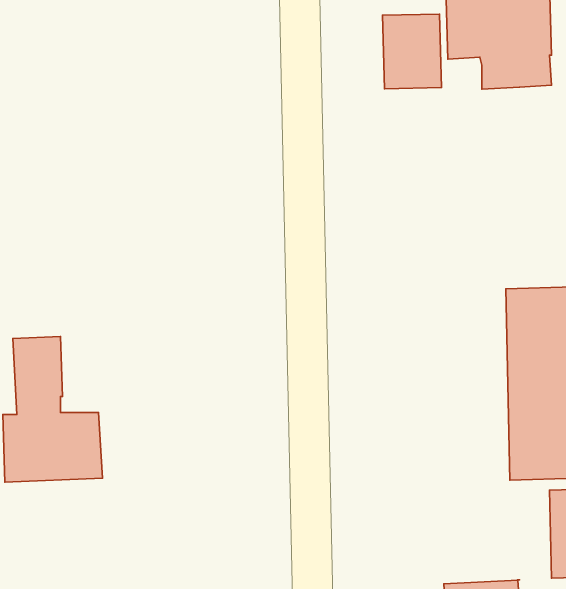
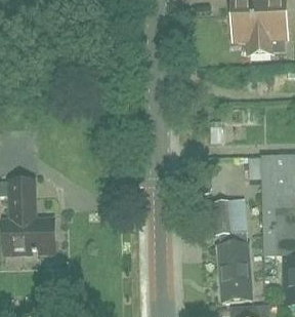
building: [383,14,442,89] -> none
building: none -> [214,199,252,302]

